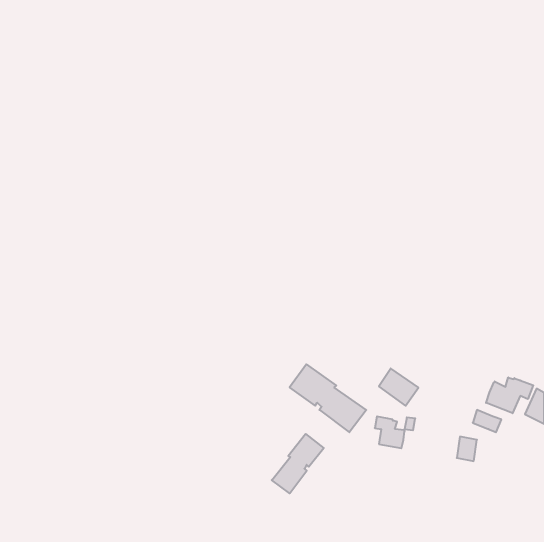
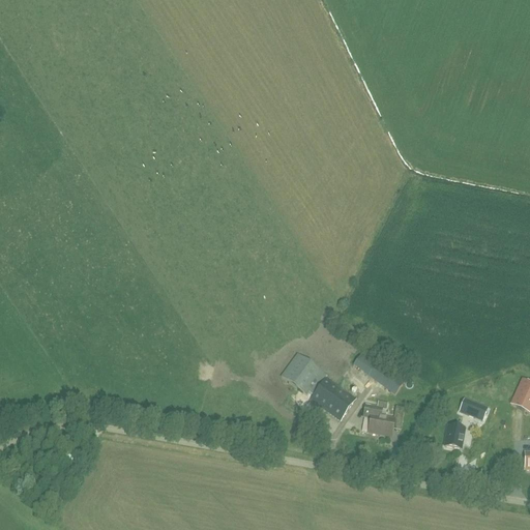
building: [486,377,533,413] -> none
building: [272,434,324,493] -> none

